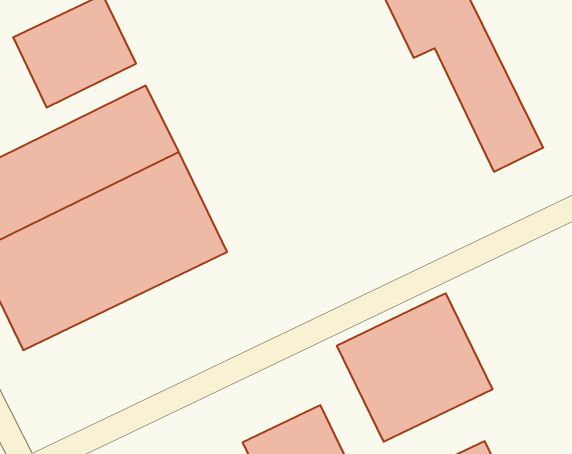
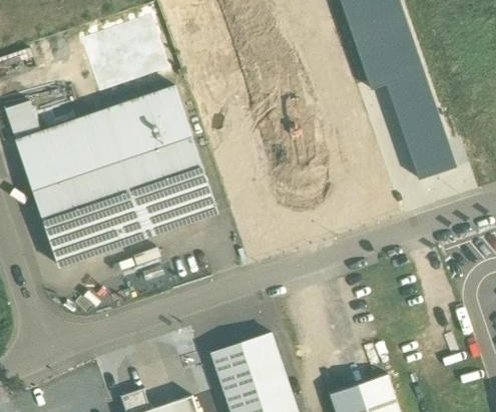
building: [337,293,492,442] -> none

